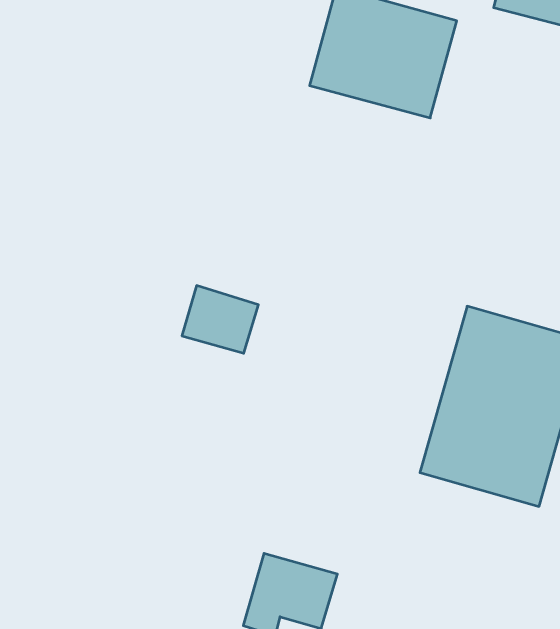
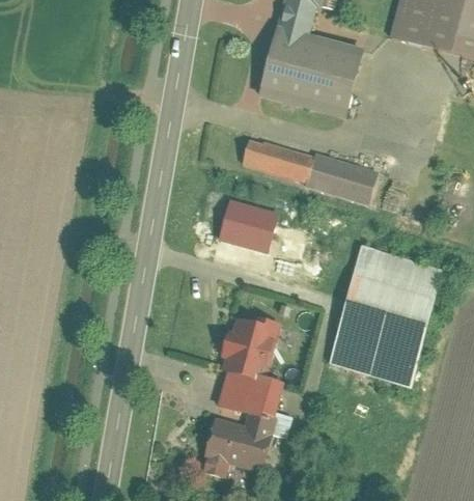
building: none -> [244,135,388,202]
building: [182,286,258,353] -> [229,201,283,249]
building: none -> [219,319,282,418]

